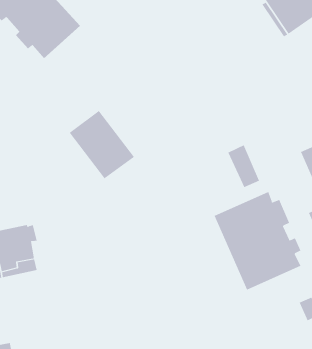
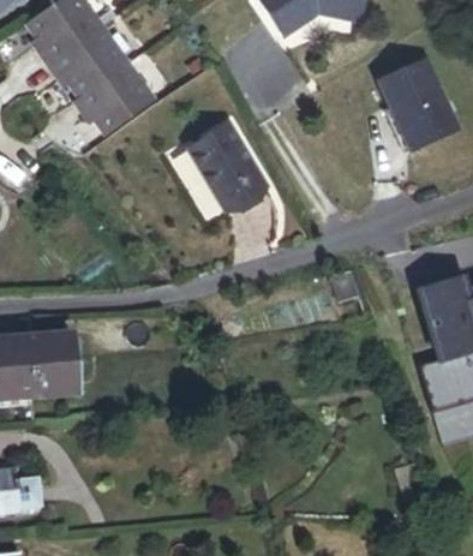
building: [69,110,135,179] -> [180,128,257,214]
building: [214,191,301,291] -> none

